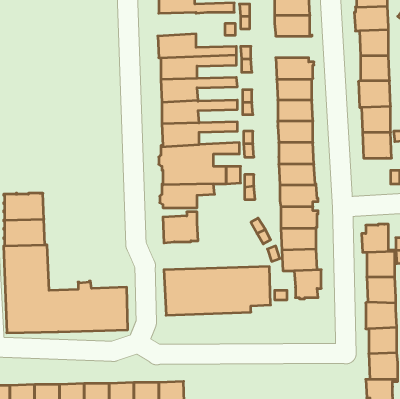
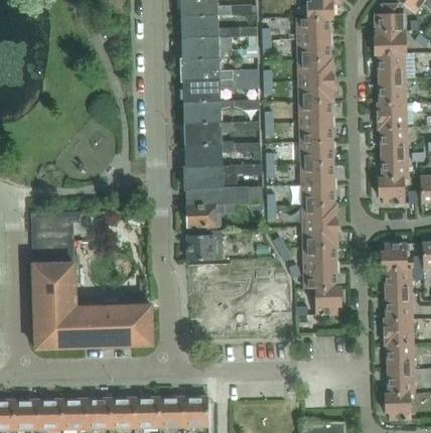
building: none -> [181,36,238,59]
building: none -> [296,59,333,81]
building: none -> [378,178,404,204]

